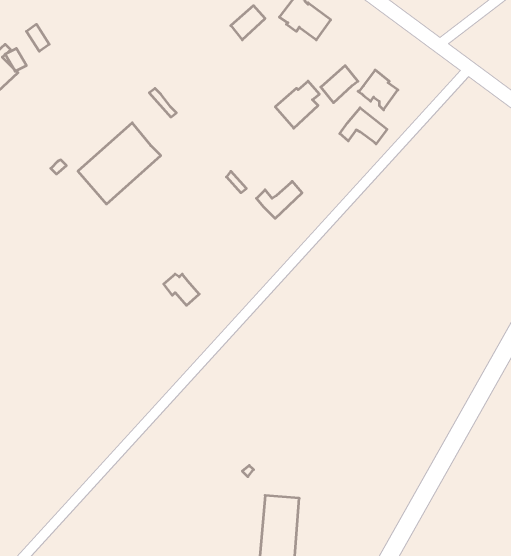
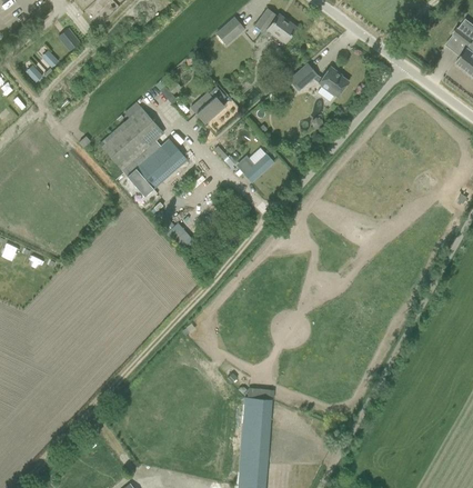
building: [275,81,319,128] -> [190,87,224,123]
building: [340,108,387,144] -> none
building: none -> [125,138,187,196]

